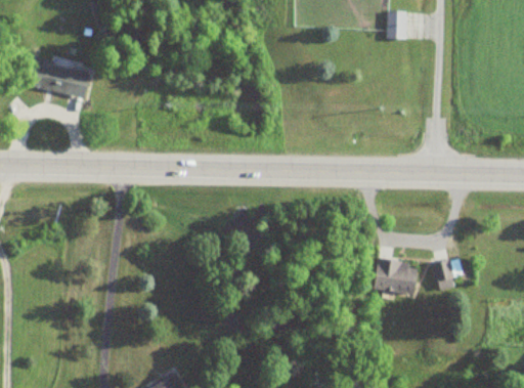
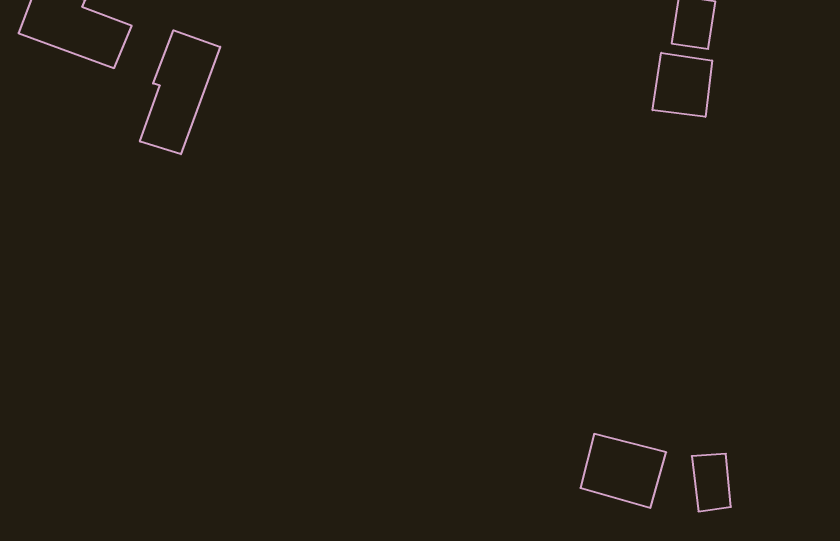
building: none -> [653,53,712,117]
building: none -> [140,30,220,154]

